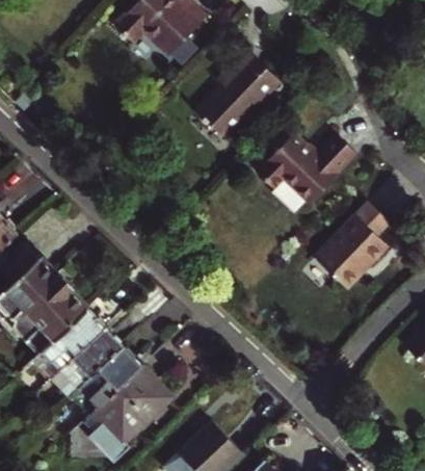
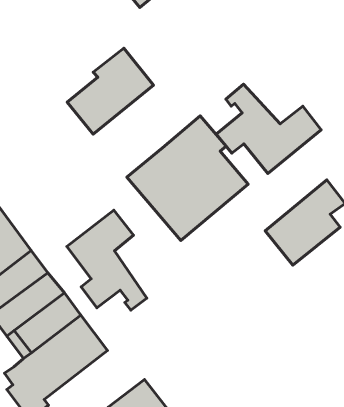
building: [197,50,280,137] -> [67,48,154,134]
building: none -> [127,116,248,241]
building: none -> [67,210,147,310]

